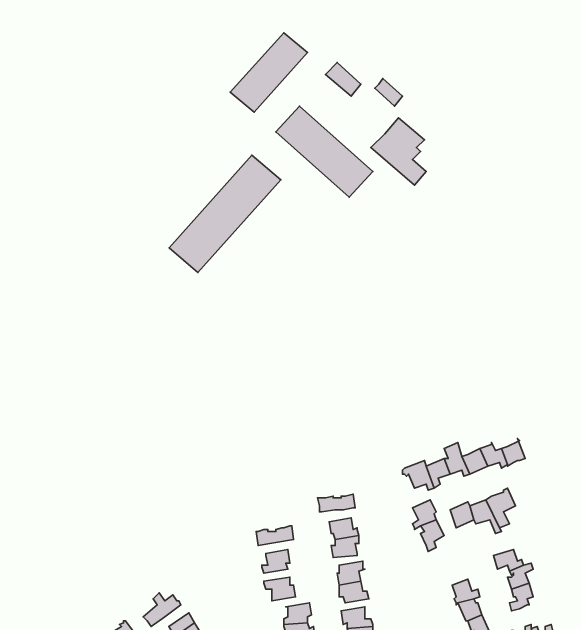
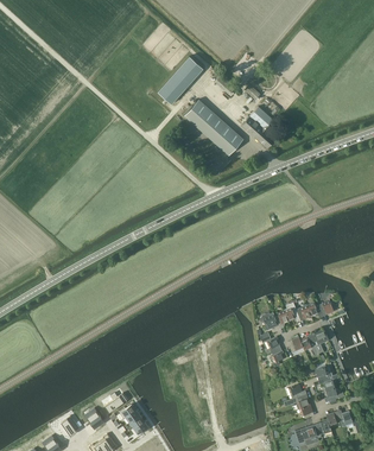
building: [169,155,281,273] -> none

